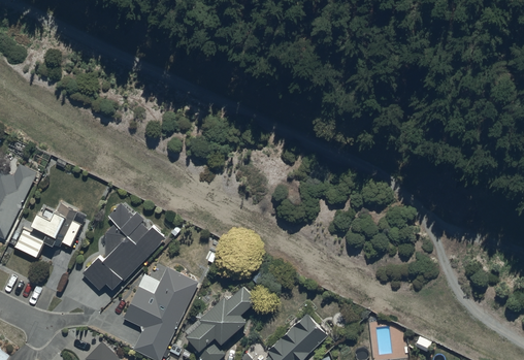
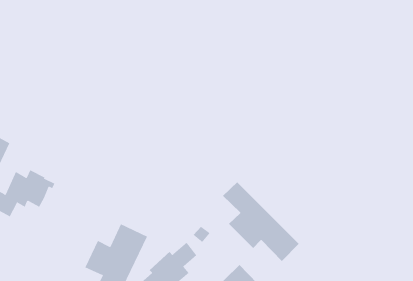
building: [83,203,165,291] -> none
building: none -> [222,181,300,262]

